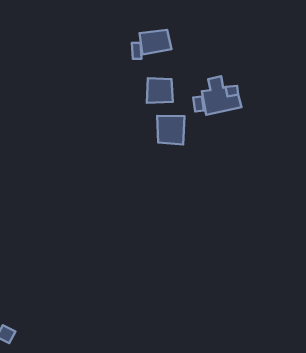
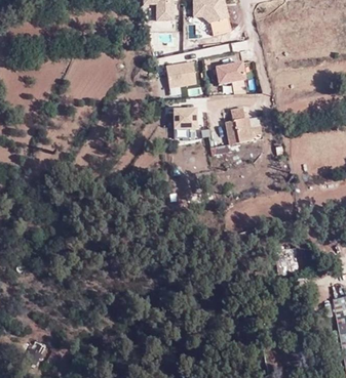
building: none -> [213,65,243,85]
building: [157,116,185,144] -> none

